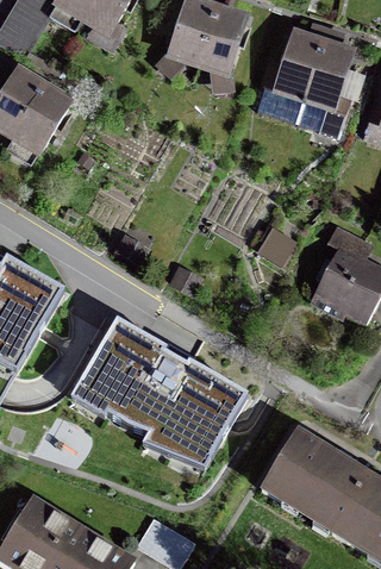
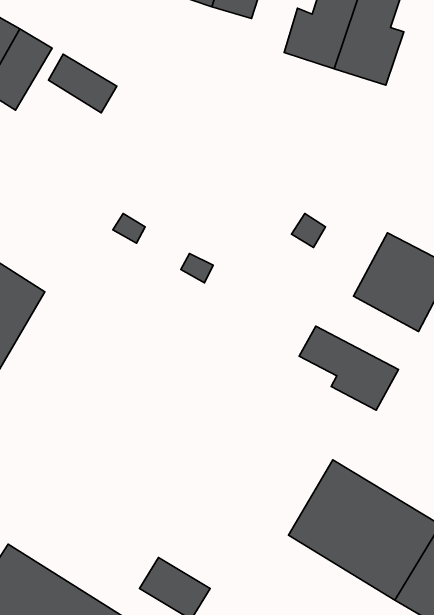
building: none -> [48,54,117,113]
building: none -> [299,326,399,410]
building: [69,324,248,471] -> none

